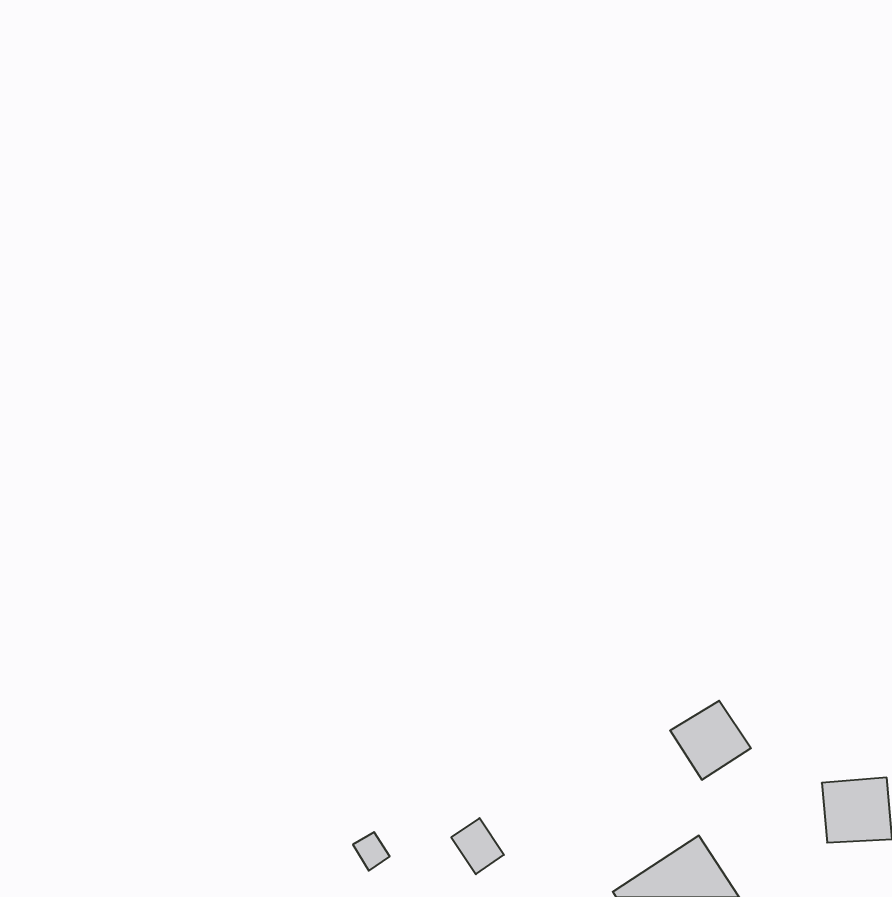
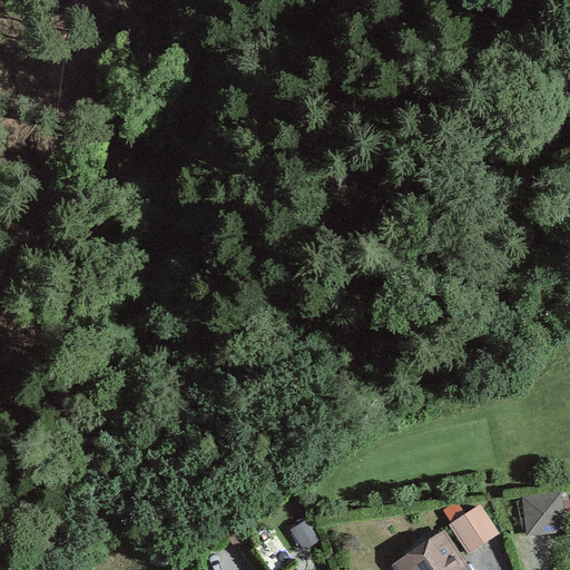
building: [670,701,751,780] -> [450,505,501,556]

